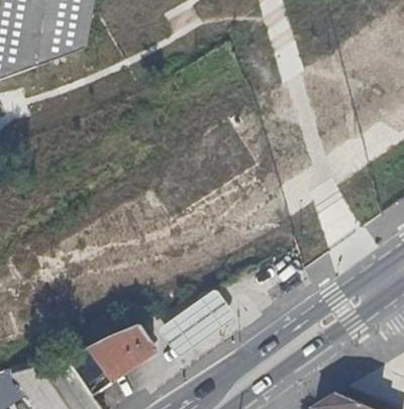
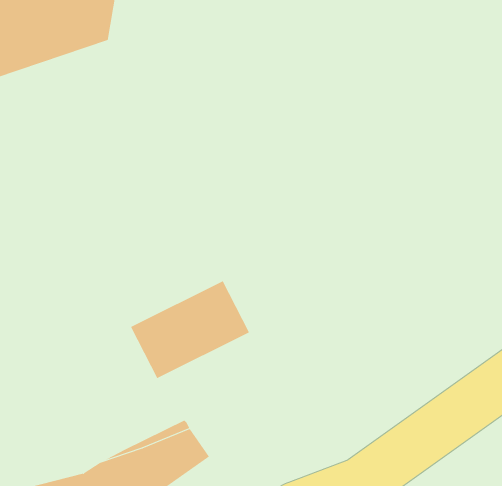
building: [150,286,236,356] -> [130,281,250,379]

